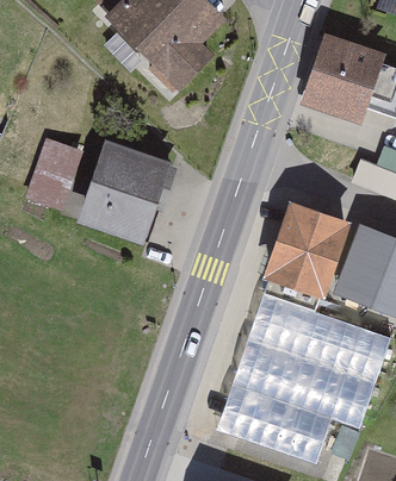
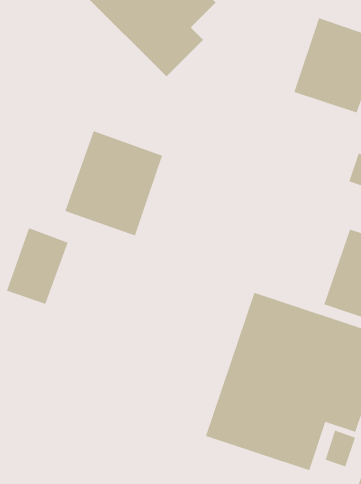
building: [27,138,87,212] -> [6,228,68,305]
building: [264,212,346,301] -> none

